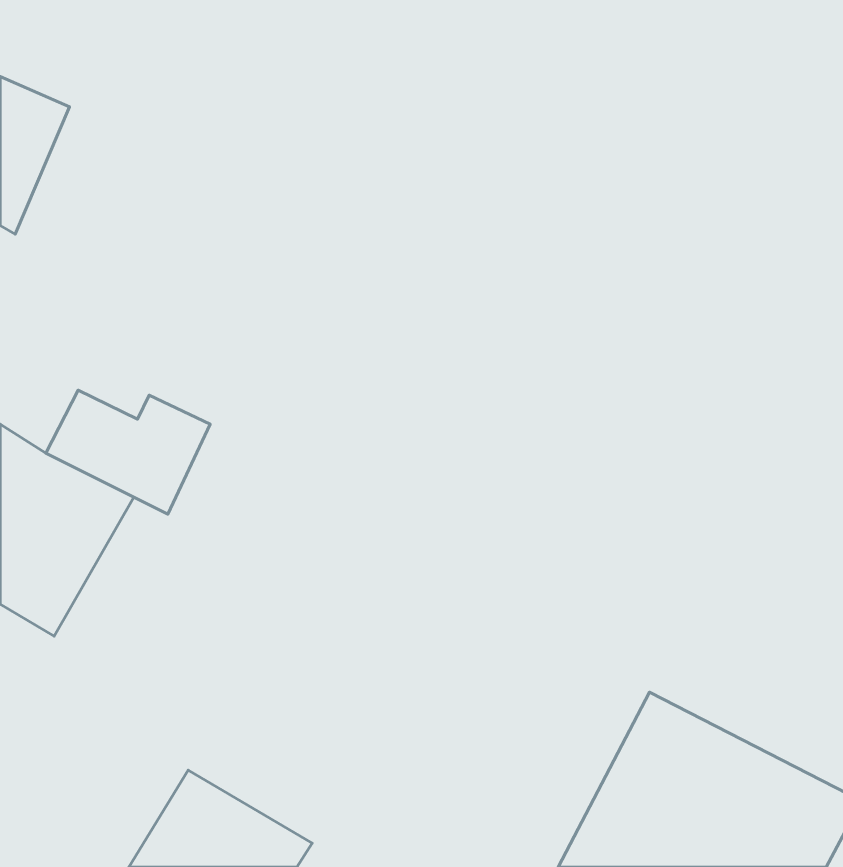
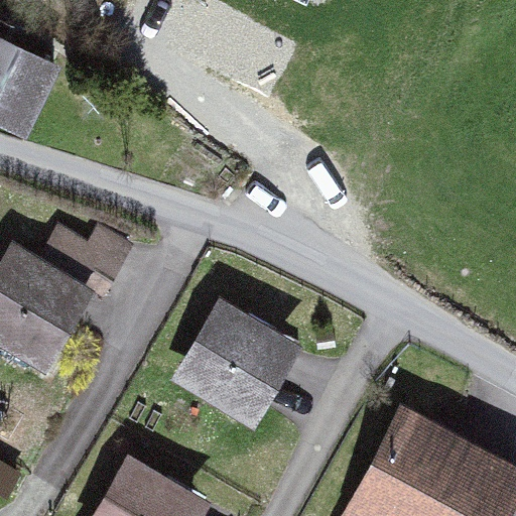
building: none -> [168,299,299,431]

